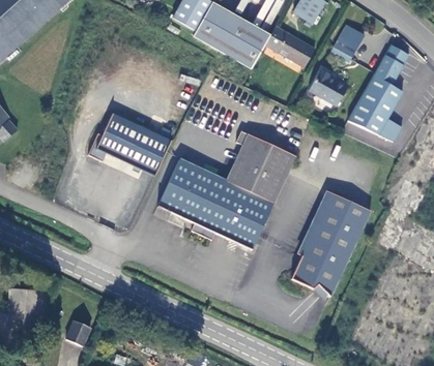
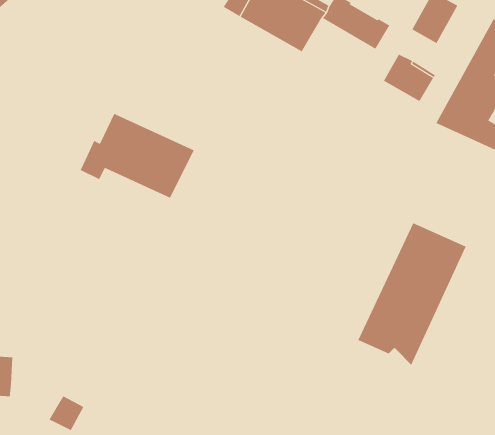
building: [157,130,295,249] -> none

